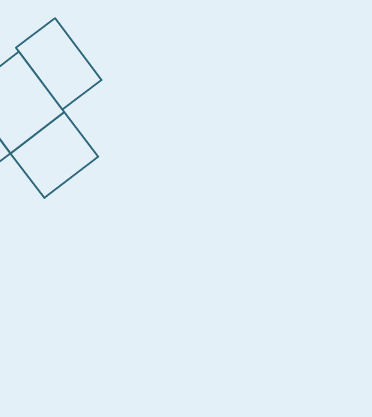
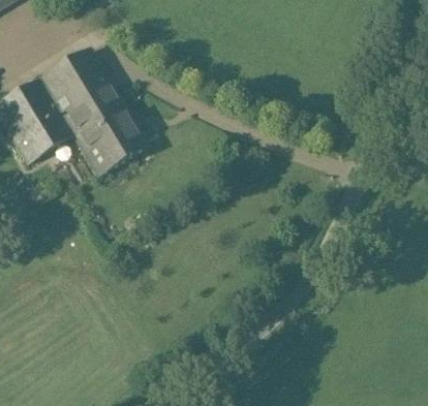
building: [16,18,102,110] -> none

